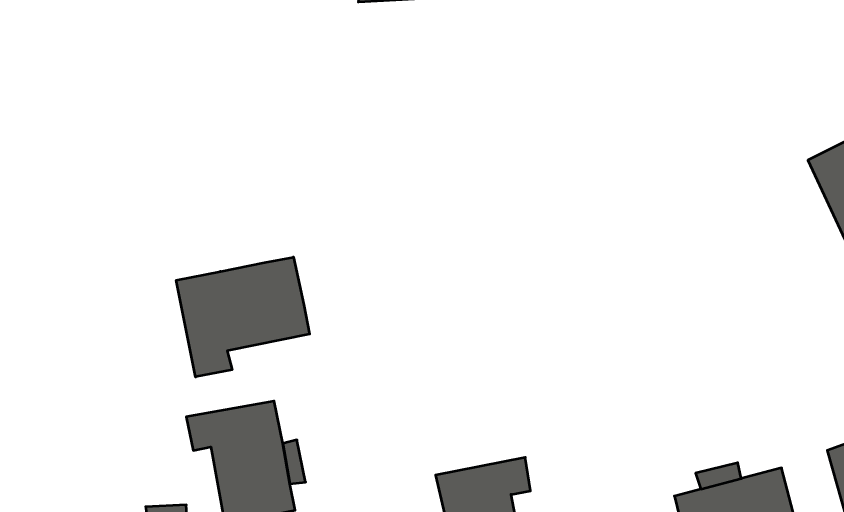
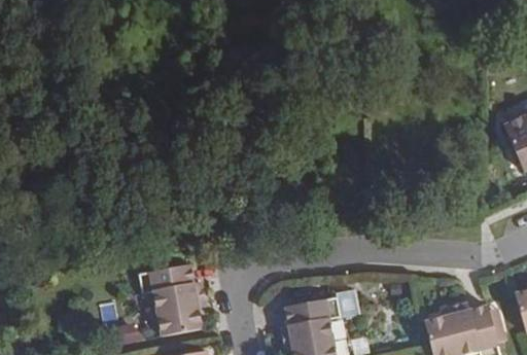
building: [176,257,310,377] -> none

